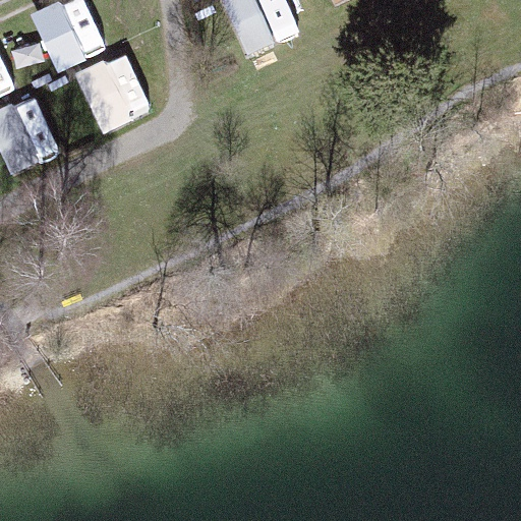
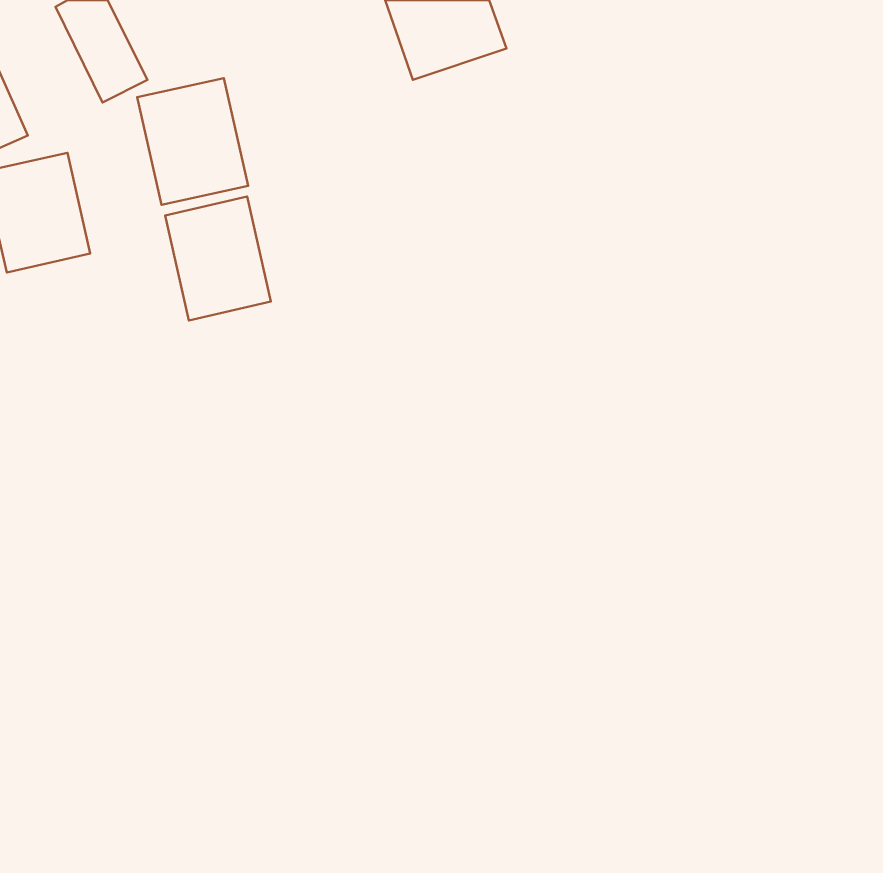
building: none -> [165,196,271,321]

